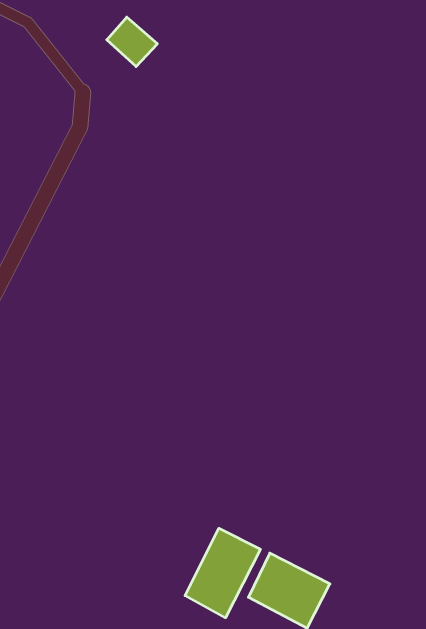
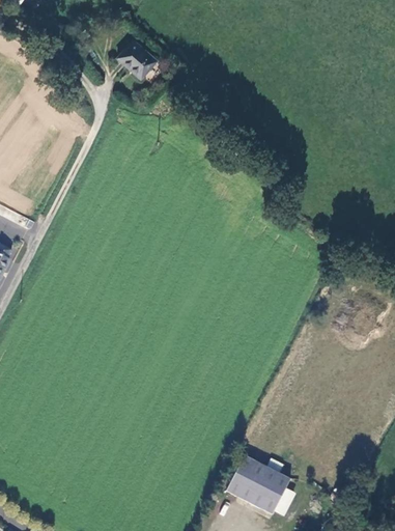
building: [185,528,260,618] -> none

